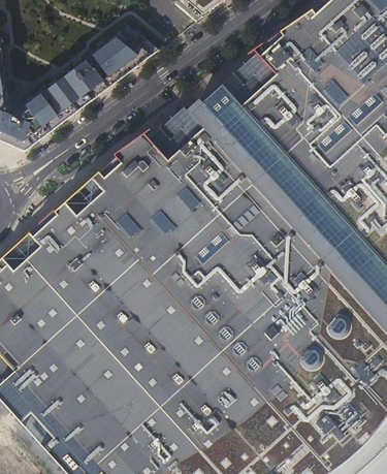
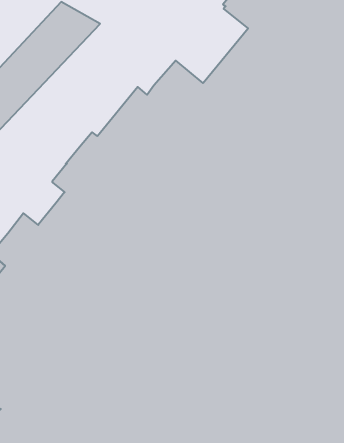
building: [218,53,273,105] -> none
building: [62,179,101,215] -> none

